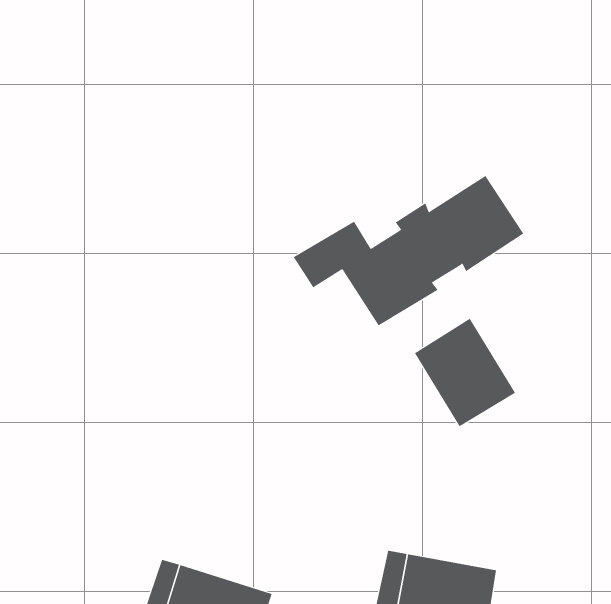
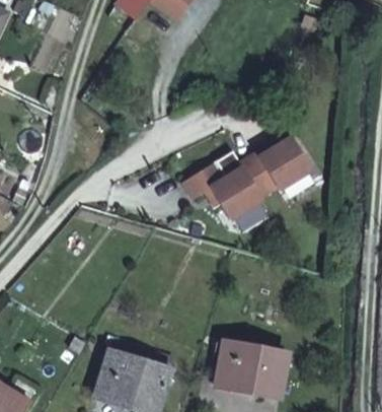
building: [414,318,516,427] -> none

